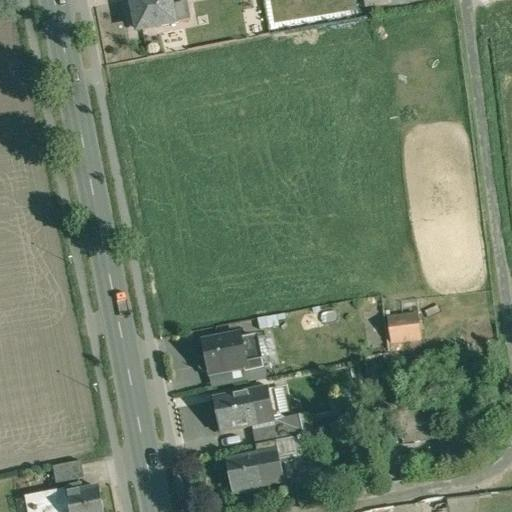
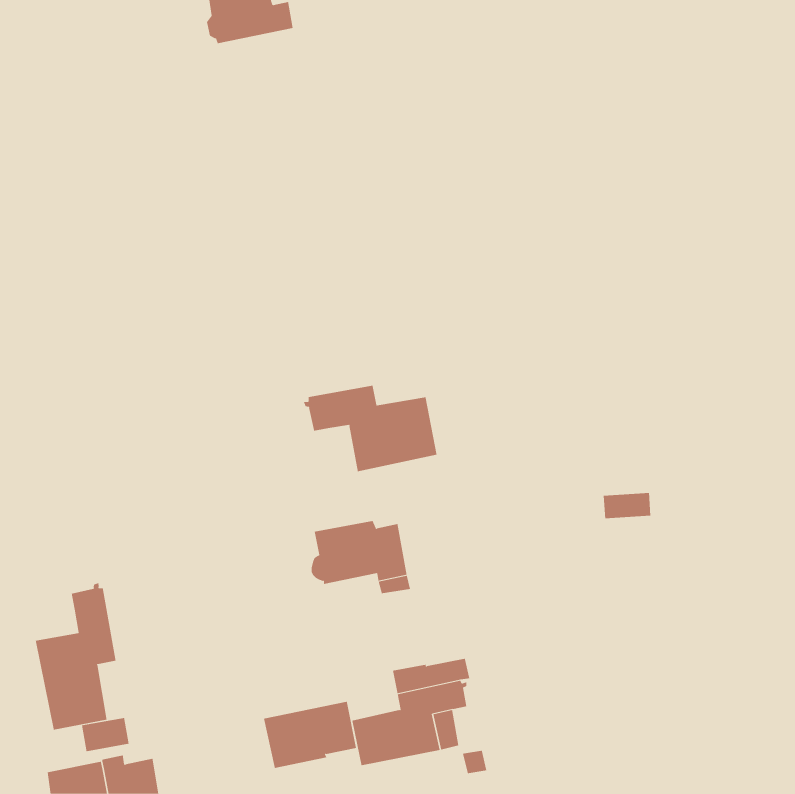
building: none -> [303,385,437,472]
building: none -> [35,582,116,731]
building: [212,388,272,431] -> [263,701,357,768]

